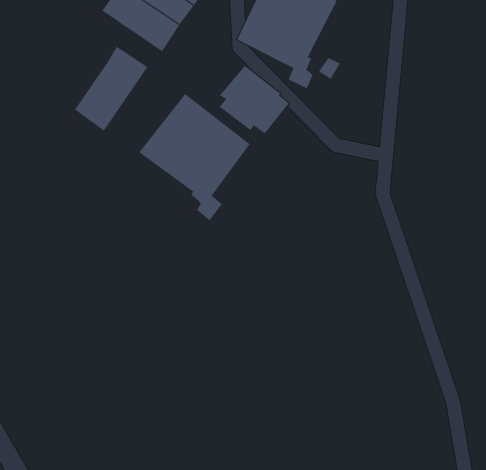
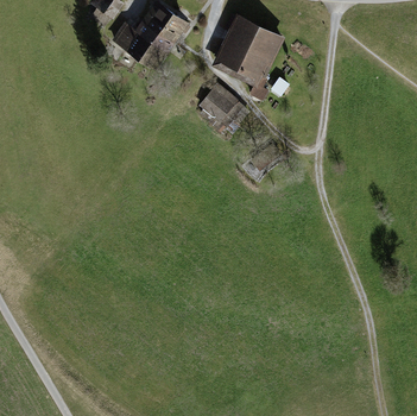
building: [74,46,148,131] -> none
building: [139,93,250,221] -> none

